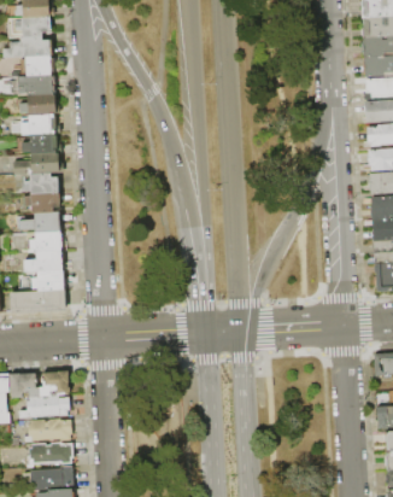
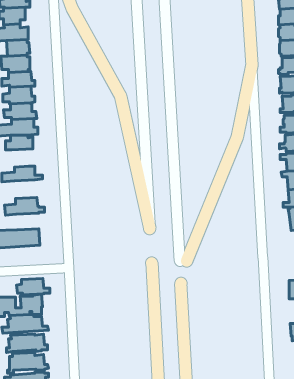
building: [25,191,59,214] -> none
building: [29,229,66,252] -> none
building: [31,270,72,291] -> [17,278,50,295]

